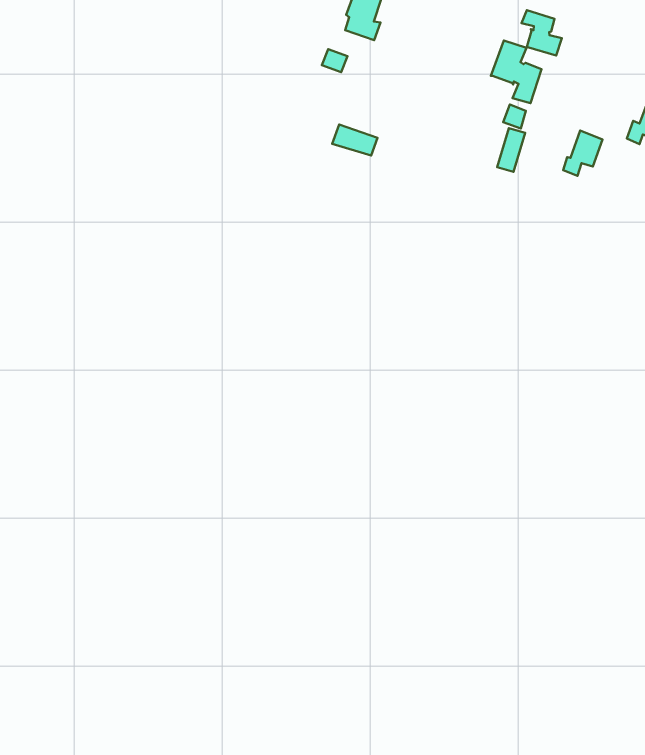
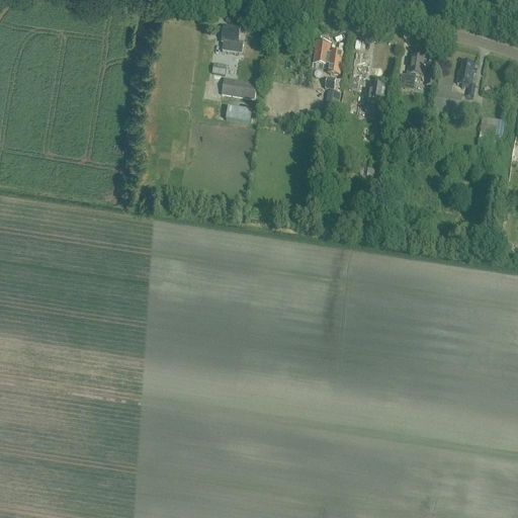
building: [522,10,562,55] -> none
building: none -> [221,76,257,98]

